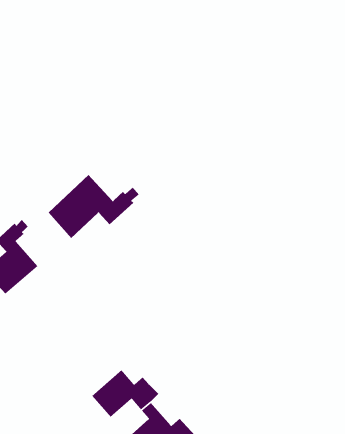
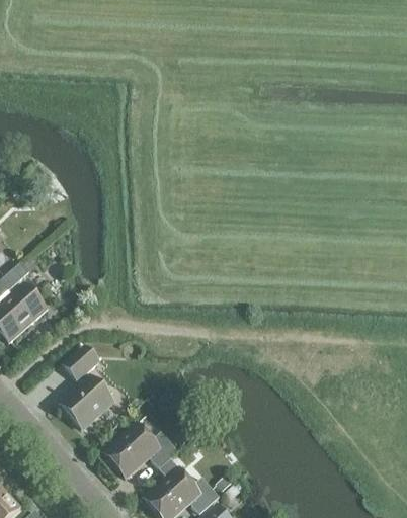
building: [48,174,140,239] -> none
building: none -> [61,346,113,429]

